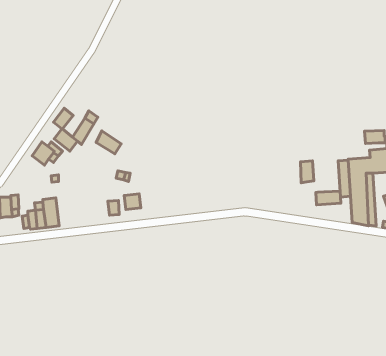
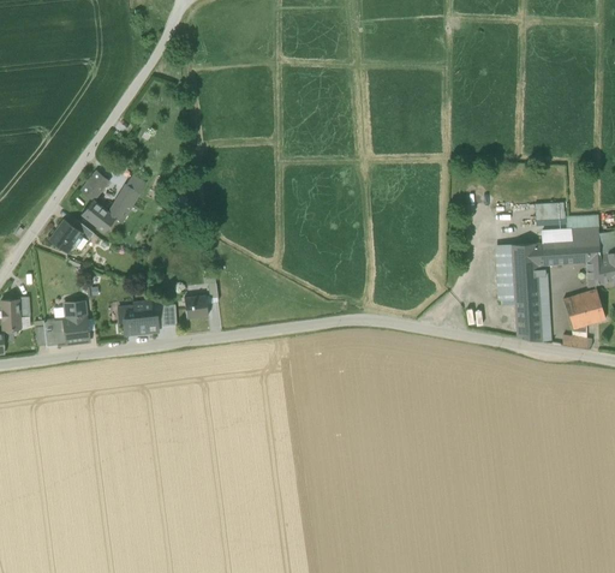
building: [96,131,121,154] -> none
building: [300,161,314,183] -> none
building: [316,191,341,205] -> none
building: none -> [118,302,159,335]

